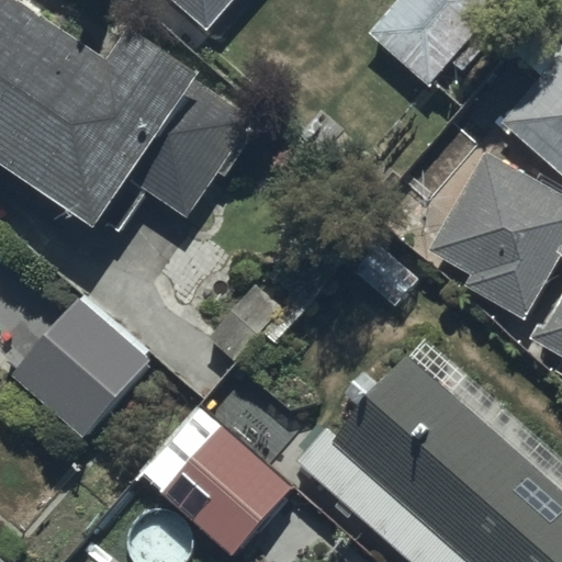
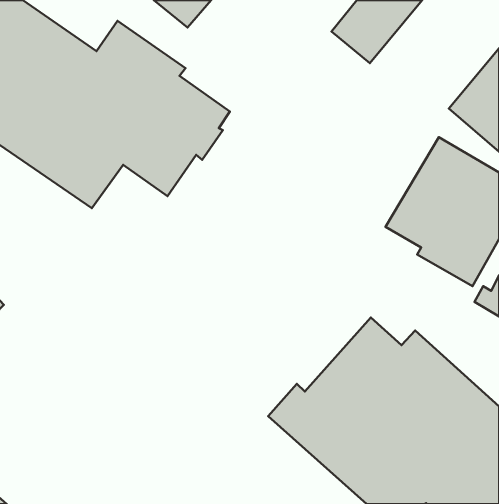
building: [9,293,155,440] -> none
building: [142,406,290,557] -> none

